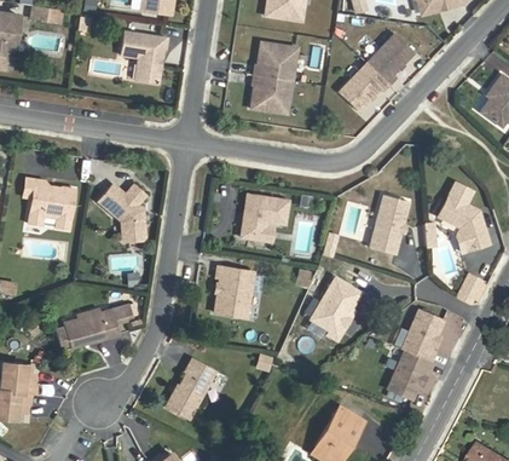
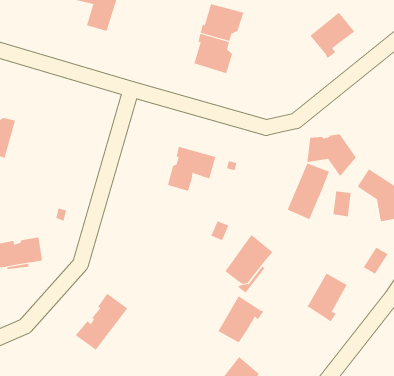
building: [341,60,391,108] -> none
building: none -> [307,133,357,177]
building: [97,184,145,241] -> none
building: [215,266,254,317] -> none
building: [388,345,434,394] -> [217,296,264,343]

